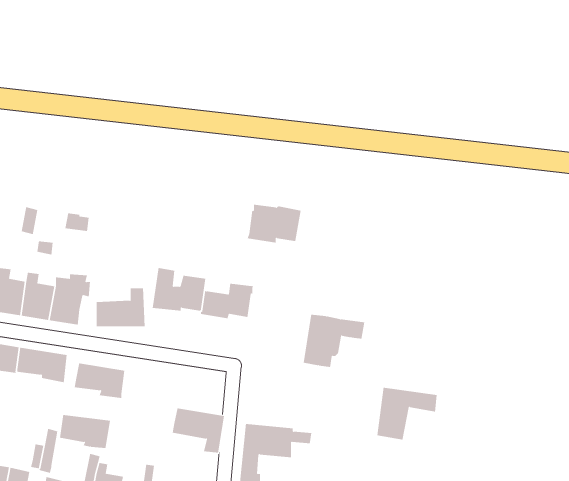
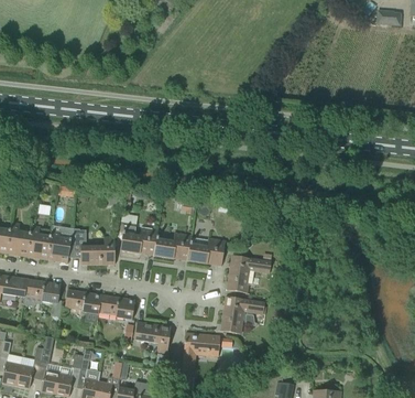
building: [247,204,301,246] -> [186,236,225,266]
building: [377,387,437,440] -> [220,295,263,333]
building: [59,414,111,449] -> [98,294,134,319]

